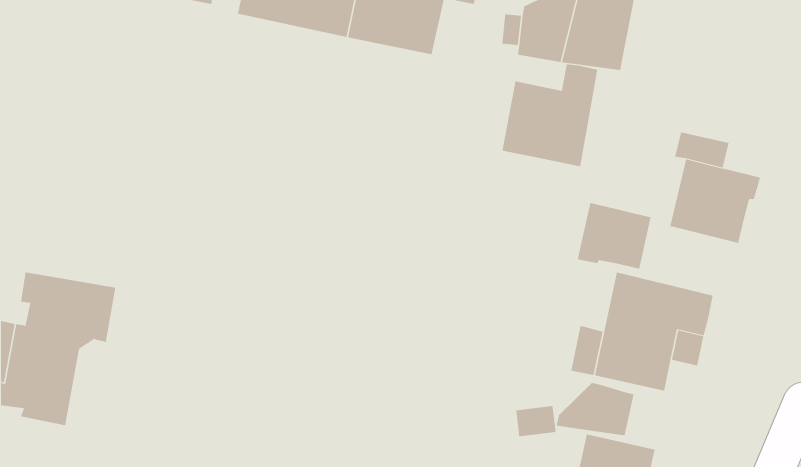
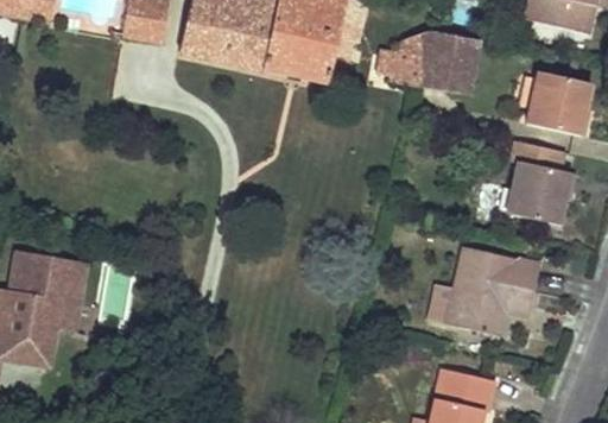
building: none -> [527,72,591,137]
building: [502,63,598,167] -> none
building: [577,202,651,270] -> none
building: [556,382,634,436] -> none

